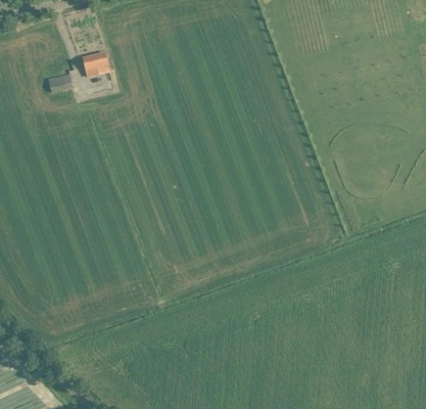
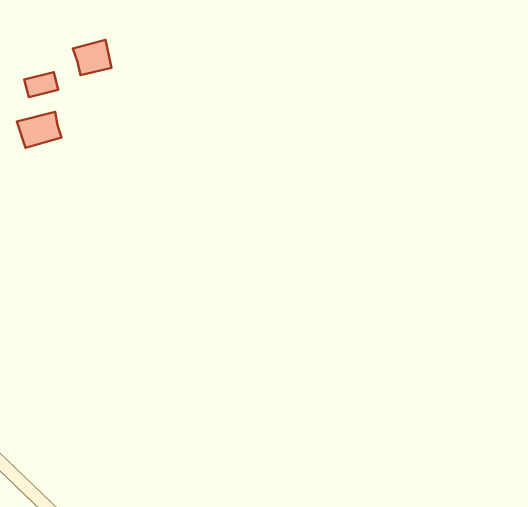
building: none -> [17,112,61,148]

